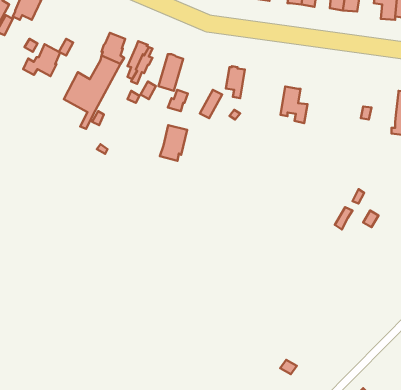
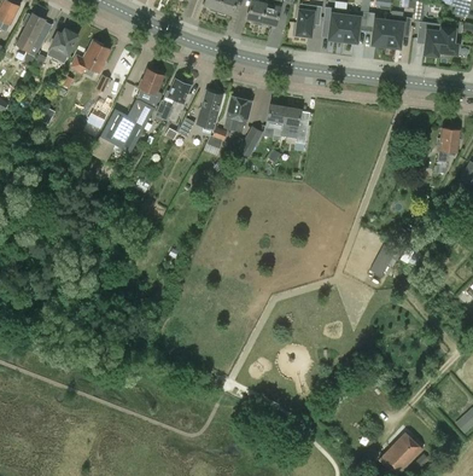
building: [23,44,60,76] -> [71,41,109,74]
building: [280,86,308,123] -> [280,106,308,144]
building: [160,125,187,161] -> [223,95,251,132]

